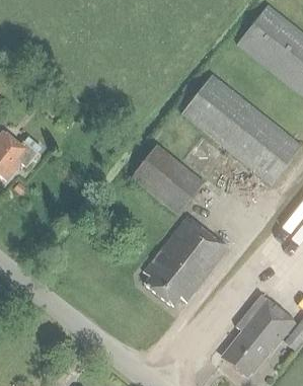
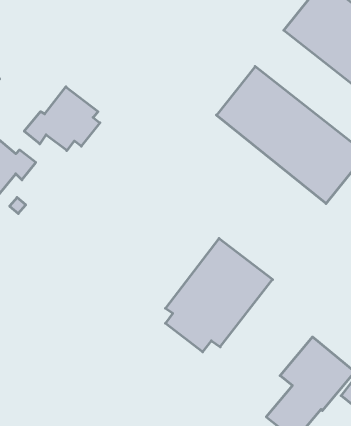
building: none -> [24,87,100,151]
building: [131,143,206,216] -> none

